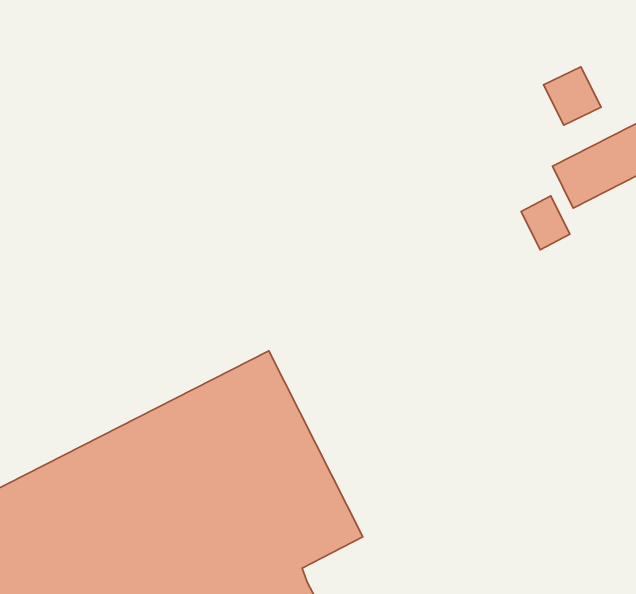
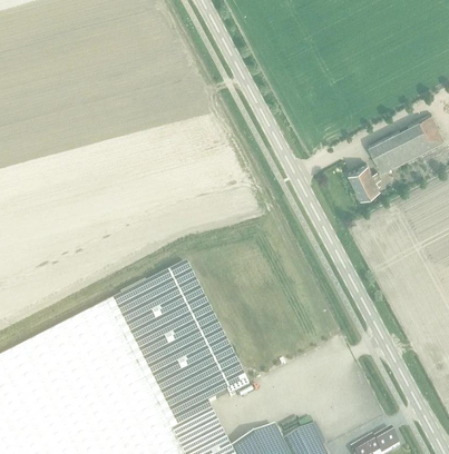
building: [543,67,601,125] -> none

